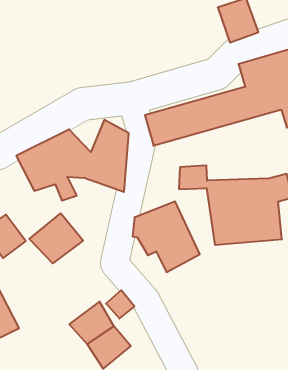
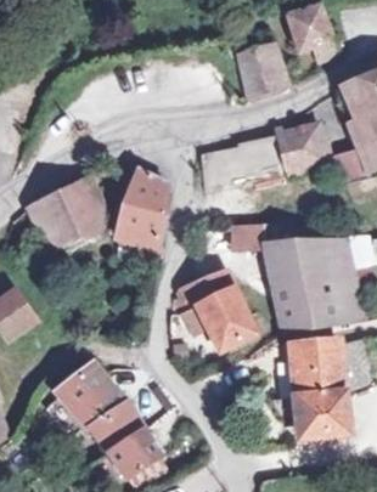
building: none -> [226,36,285,94]
building: [29,213,83,263] -> [60,361,129,425]
building: none -> [288,350,360,454]

